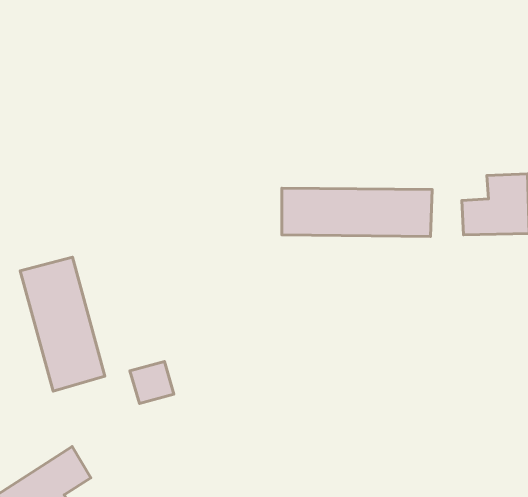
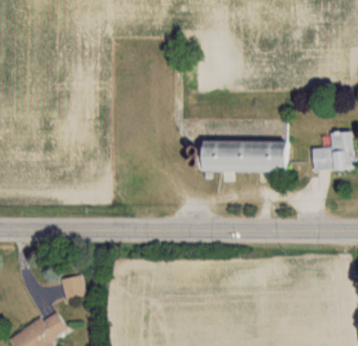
building: [20,257,105,391] -> none
building: [130,361,174,404] -> [61,274,90,301]

